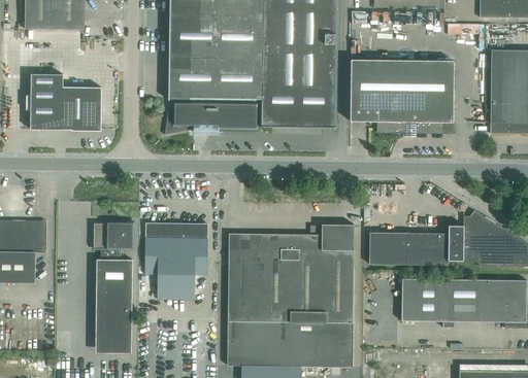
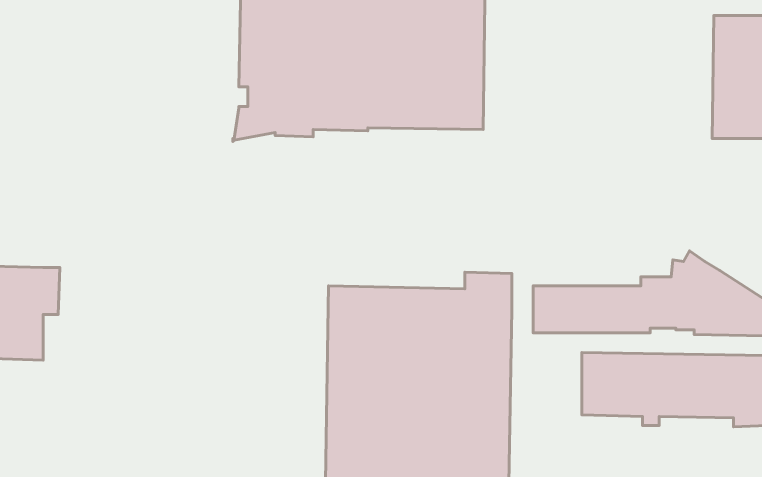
building: [350,59,454,136] -> none
building: [30,74,101,131] -> none
building: [94,222,133,353] -> none
building: [144,222,207,299] -> none

